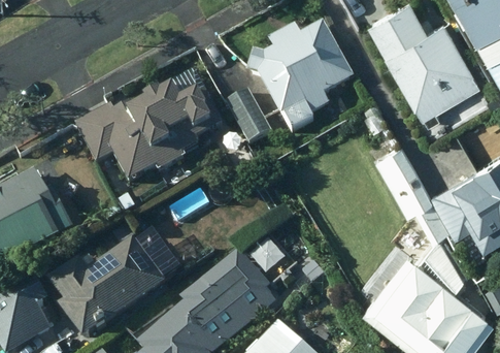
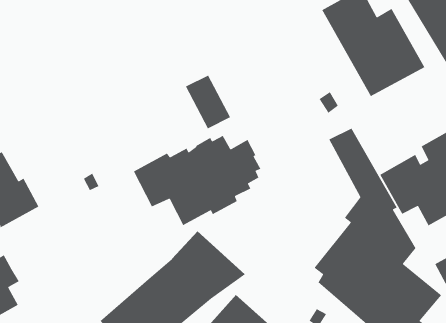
building: [245,20,352,130] -> none
building: [73,84,208,180] -> [133,135,261,226]
building: [43,234,164,341] -> none

